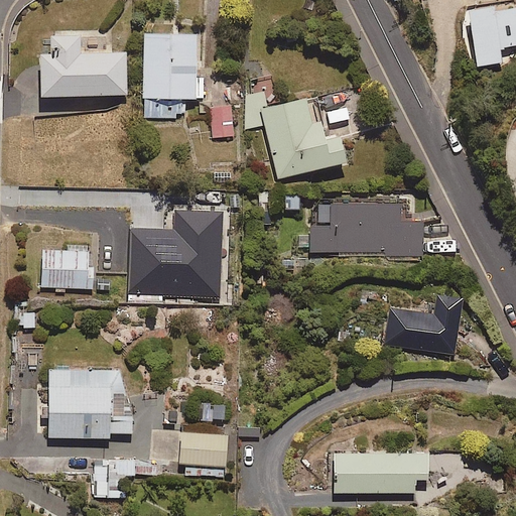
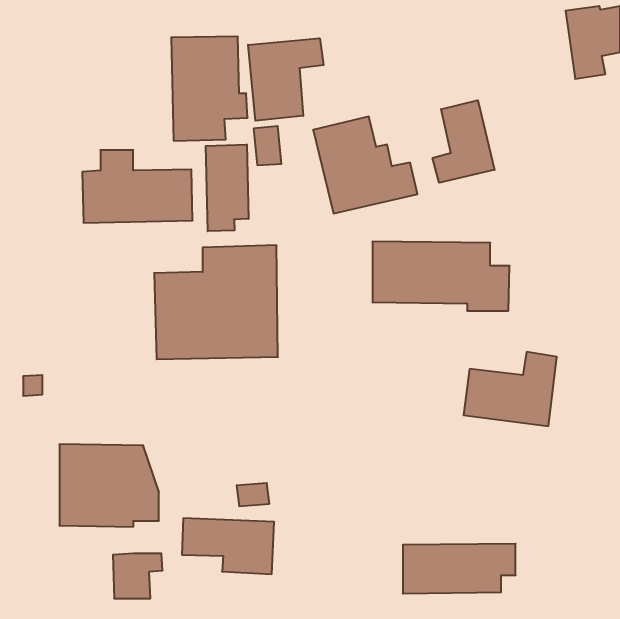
building: none -> [248,38,323,121]
building: [38,36,130,97] -> [82,150,193,223]
building: none -> [433,100,495,183]
building: none -> [206,144,248,231]
building: [41,248,95,290] -> none

